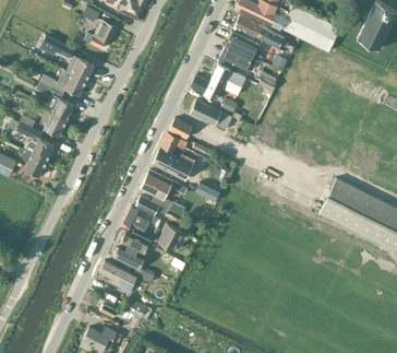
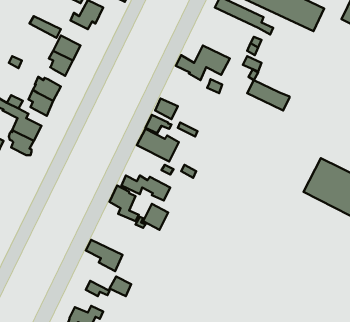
building: [219,31,260,71] -> none
building: [36,74,67,99] -> none
building: [190,99,232,130] -> [247,80,290,111]
building: [140,169,171,200] -> none
building: [112,232,154,282] -> none

